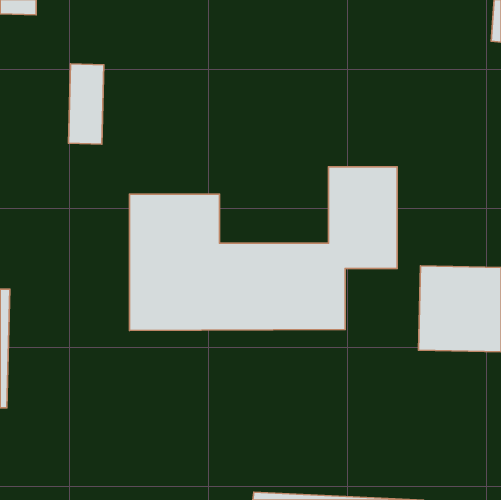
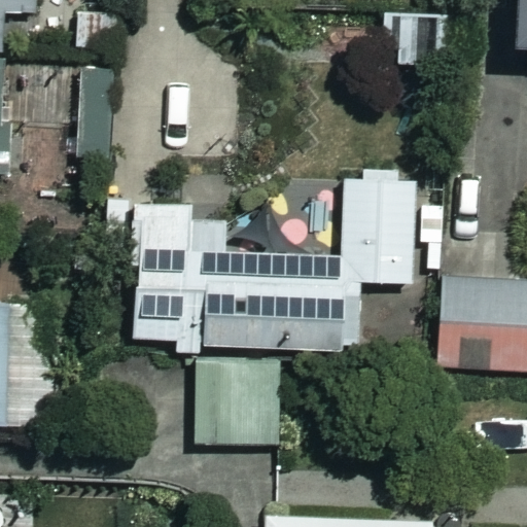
building: none -> [197,358,284,444]

